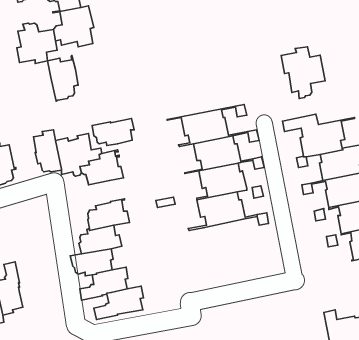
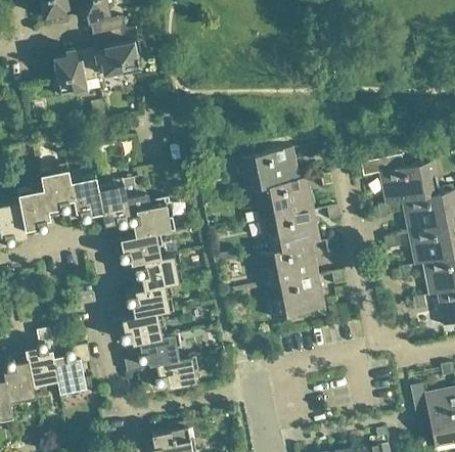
building: [281,47,325,99] -> none
building: [47,56,78,101] -> [39,166,75,219]
building: [92,118,134,146] -> [115,233,164,265]
building: none -> [260,278,326,323]
building: none -> [54,345,93,398]

